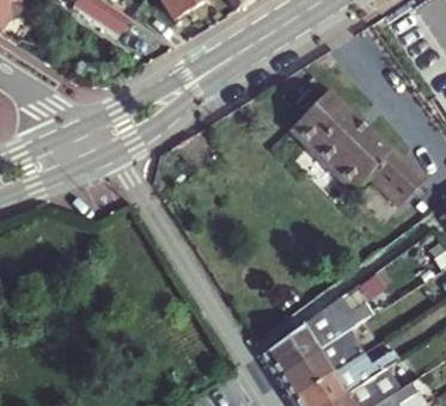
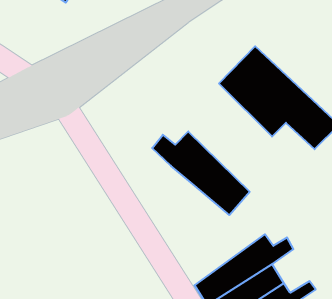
building: none -> [152,131,250,215]

